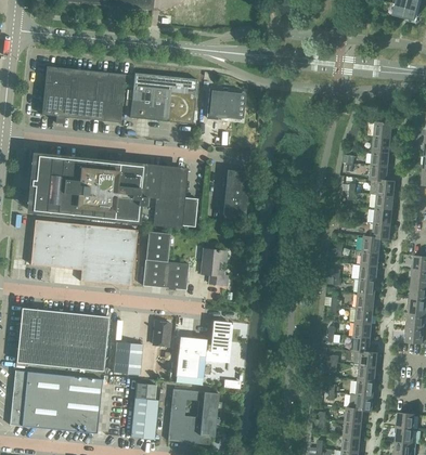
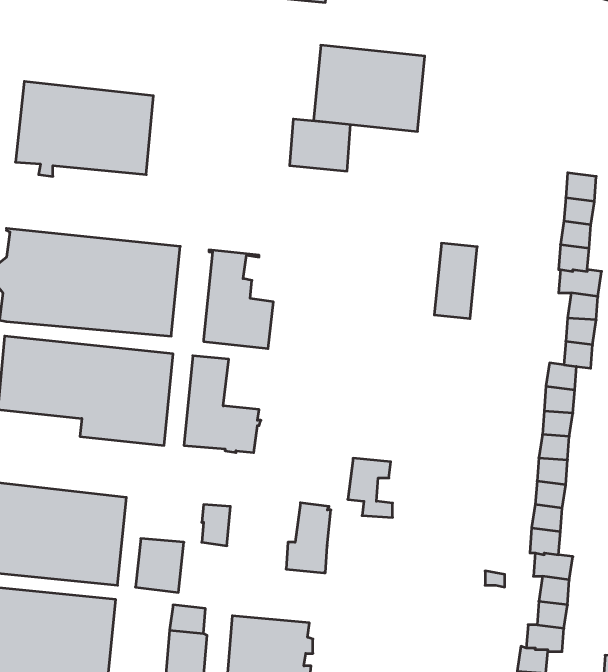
building: [130,73,197,125] -> [314,45,425,131]
building: [135,166,160,222] -> none
building: [223,170,249,216] -> [434,243,477,319]
building: [201,249,228,285] -> [348,458,393,517]
building: [176,339,206,379] -> none

